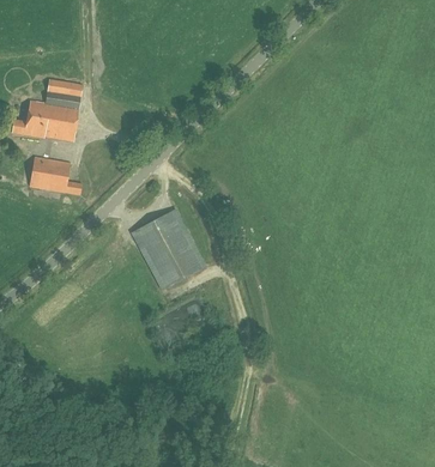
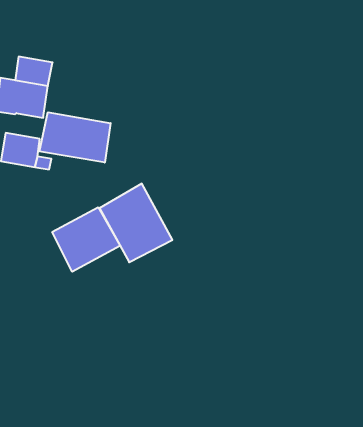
building: none -> [40,112,111,163]
building: none -> [52,207,120,272]

